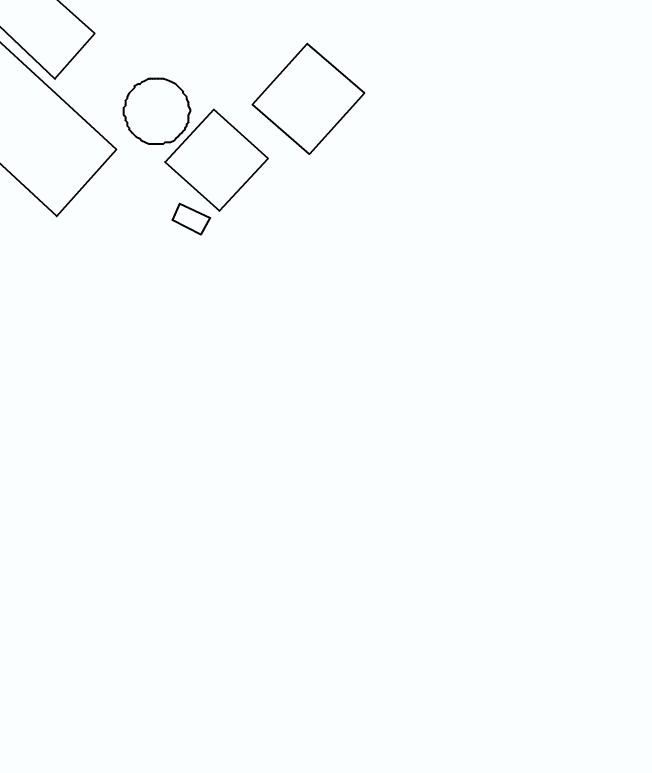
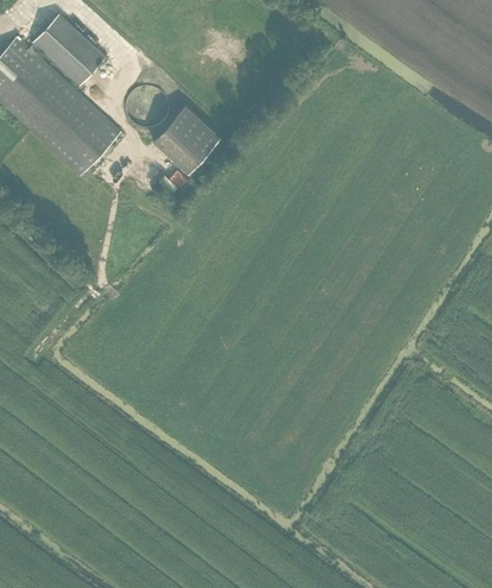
building: [253,44,364,154] -> none

